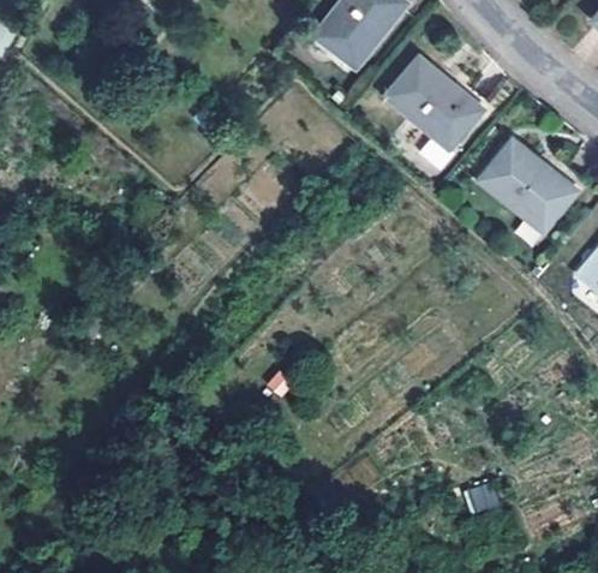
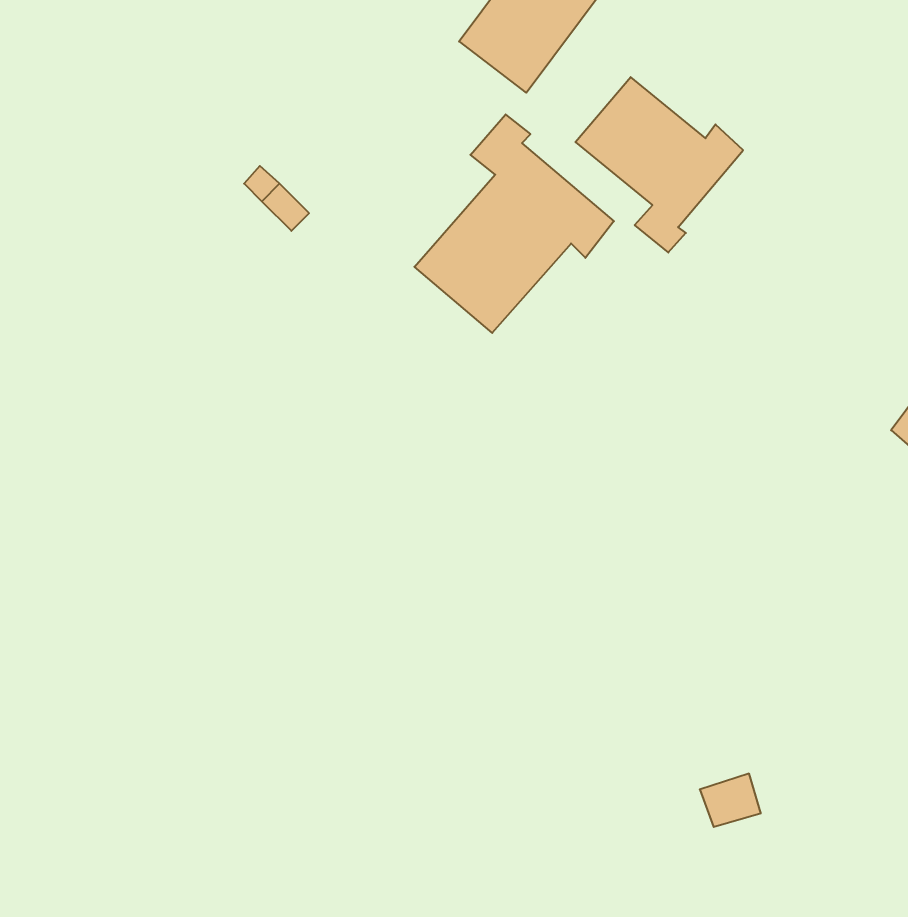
building: none -> [414,114,614,333]
building: [479,141,581,232] -> none

